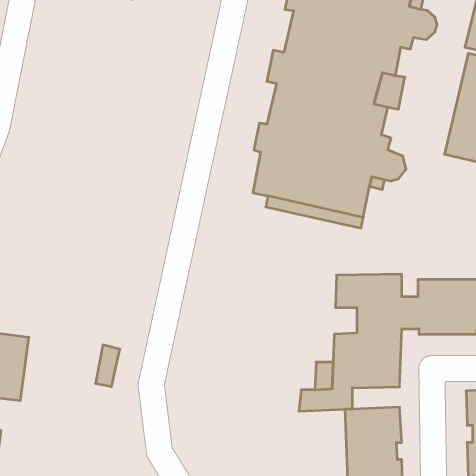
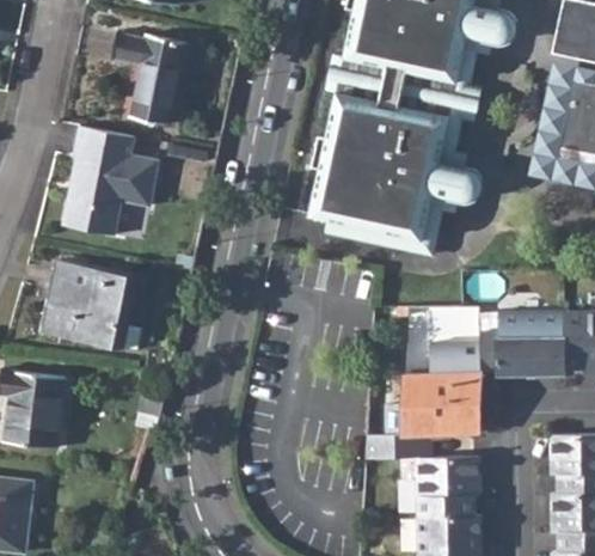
building: none -> [114,32,184,122]
building: none -> [63,122,161,232]
building: none -> [47,258,134,347]

